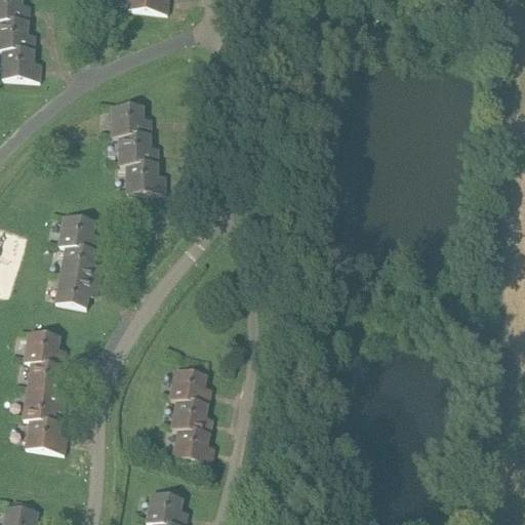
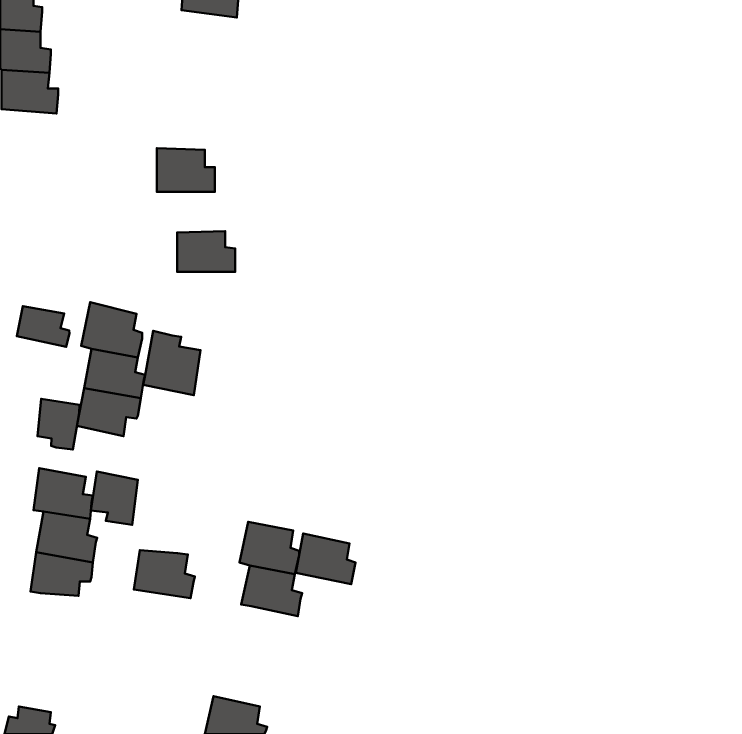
building: [117,135,159,164] -> none
building: none -> [17,306,69,347]
building: none -> [143,331,200,395]
building: none -> [37,399,80,450]
building: none -> [91,472,138,525]
building: [25,418,68,452] -> [134,550,195,598]
building: [172,428,214,463] -> [296,533,355,584]

